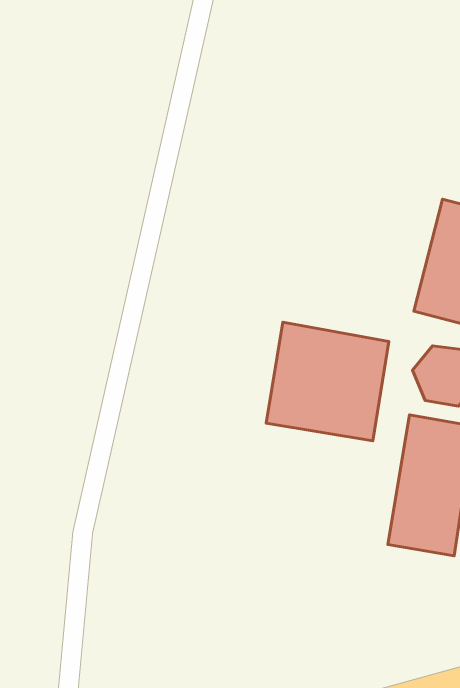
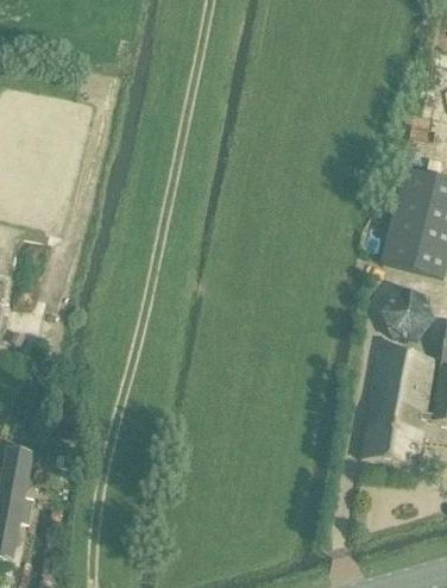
building: [266,322,389,441] -> none

